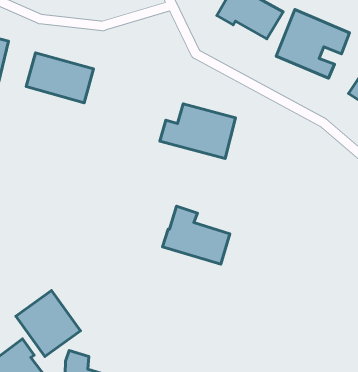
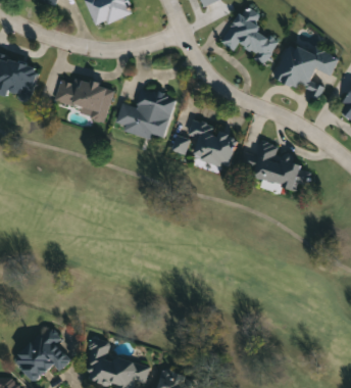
building: none -> [115,88,174,140]
building: [163,206,230,264] -> [249,142,308,193]
building: [16,291,81,357] -> none

